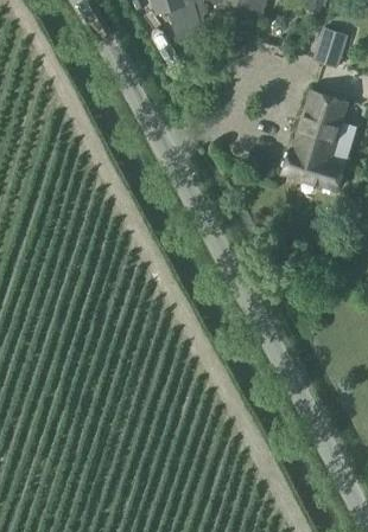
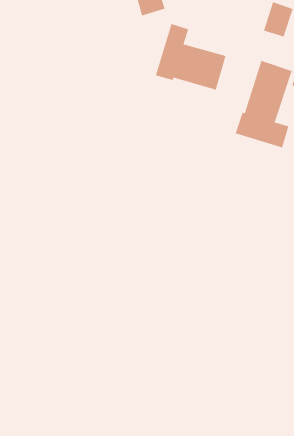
building: none -> [155,23,226,90]

